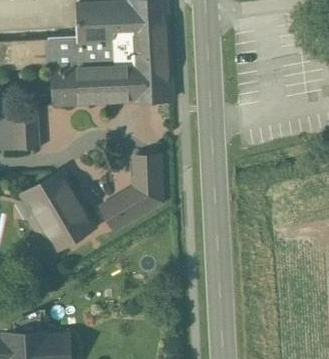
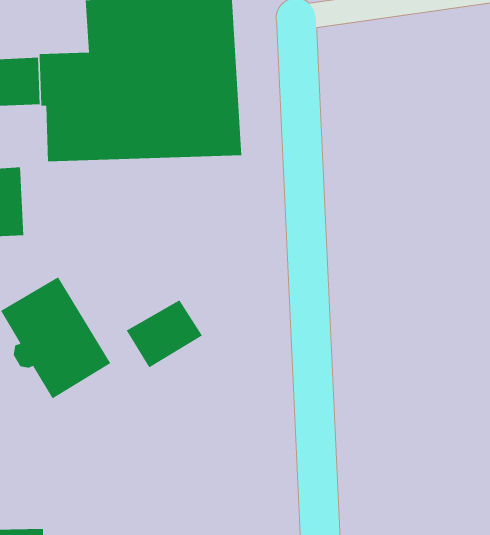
building: [133,156,162,210] -> none

